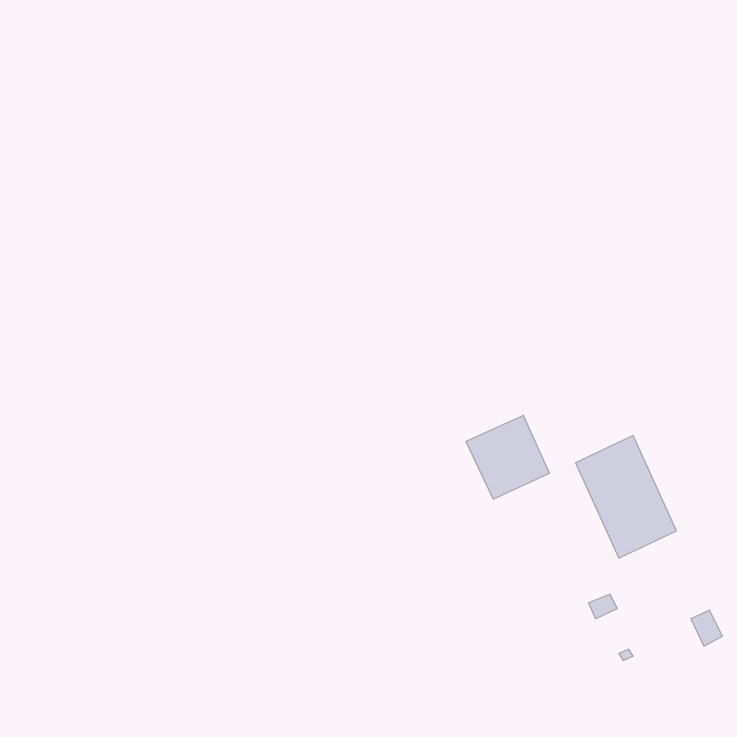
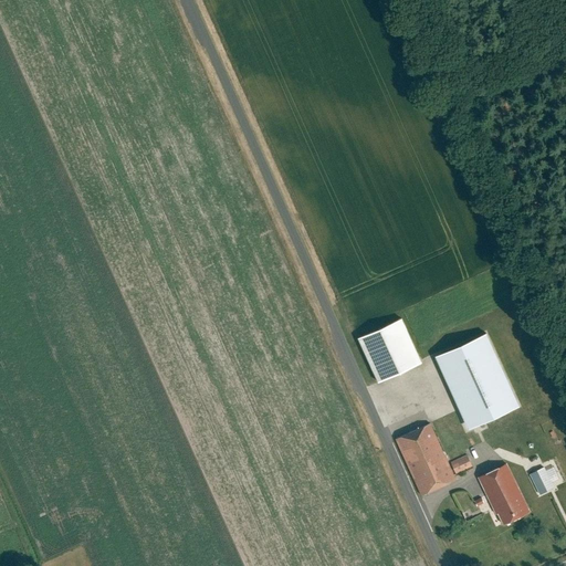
building: none -> [396,423,455,495]
building: none -> [478,463,530,524]

